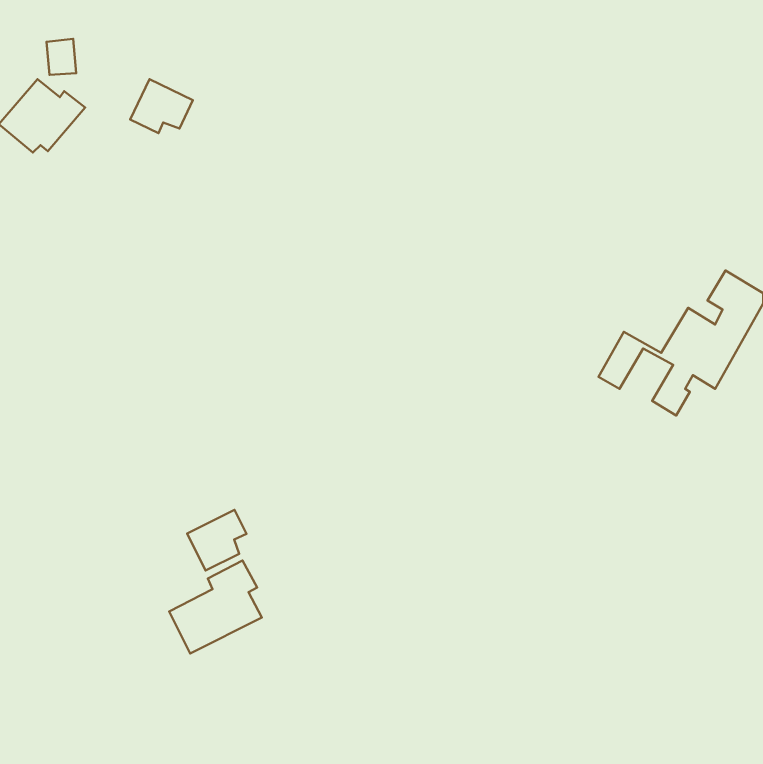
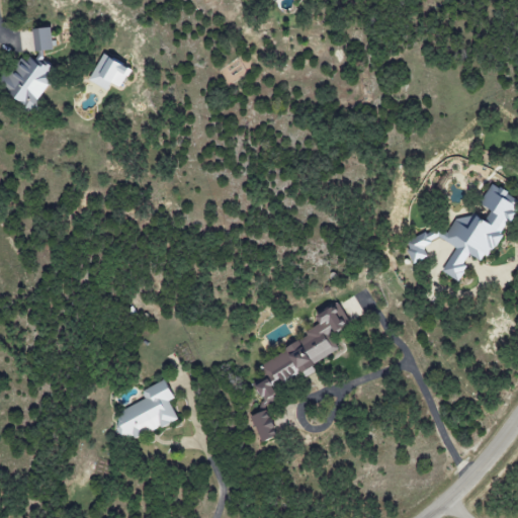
building: none -> [253,306,346,401]
building: [187,510,247,570] -> none
building: none -> [250,410,276,442]

